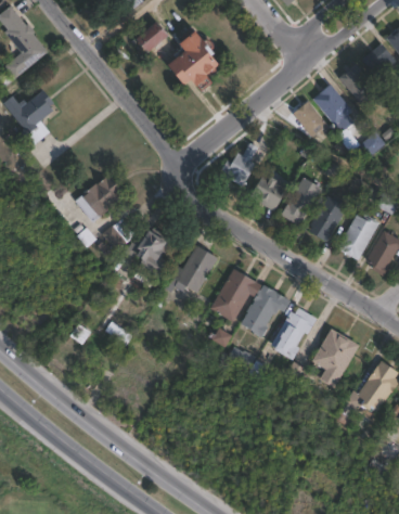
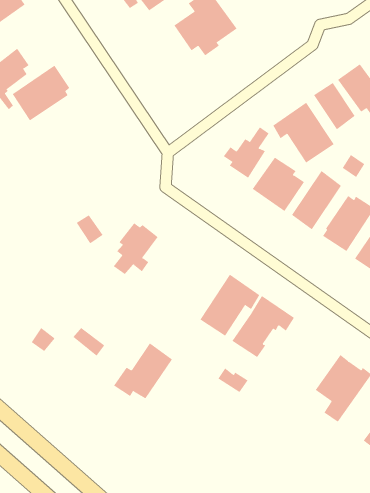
building: none -> [272,102,335,163]
building: [75,174,124,222] -> [12,65,70,121]
building: [168,244,217,292] -> [113,343,173,399]
building: [270,308,316,359] -> none

